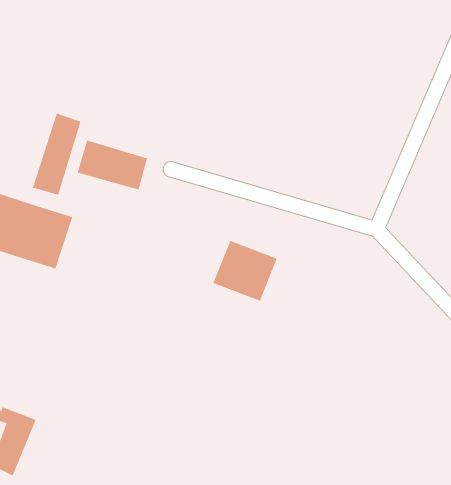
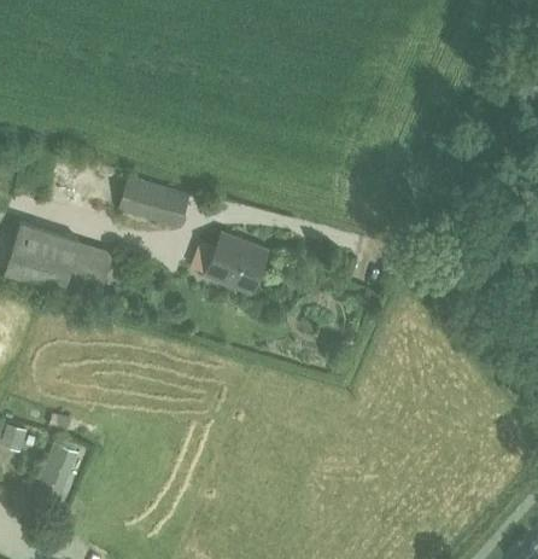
building: [32,113,81,195] -> none
building: [213,240,277,301] -> [205,233,269,293]

